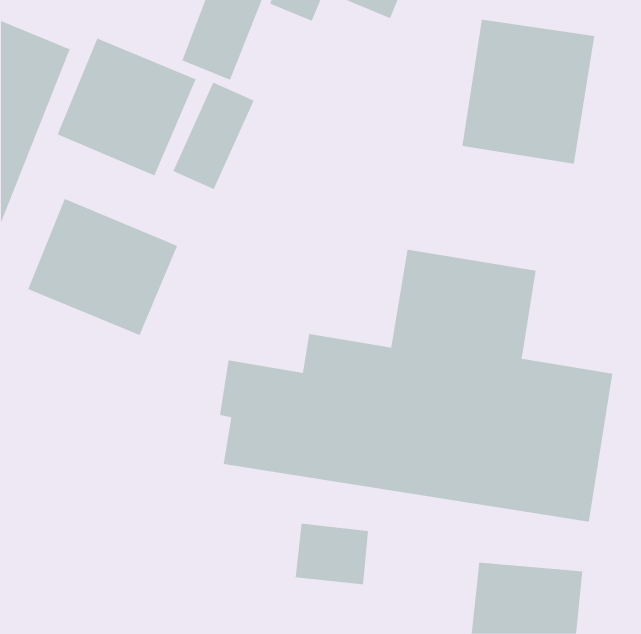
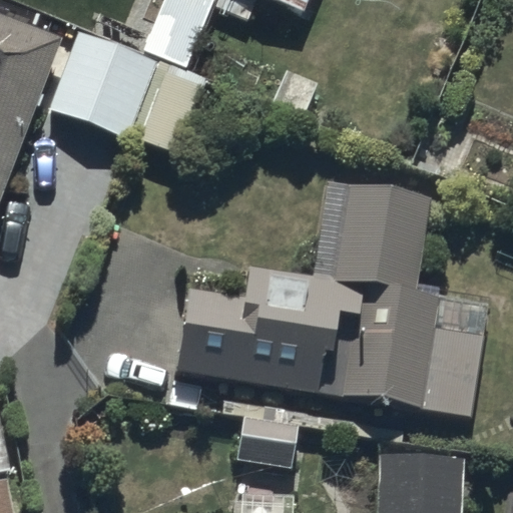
building: [462,19,595,165] -> none
building: [27,198,178,336] -> none

